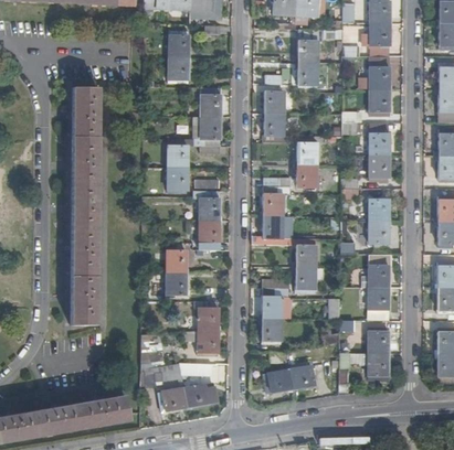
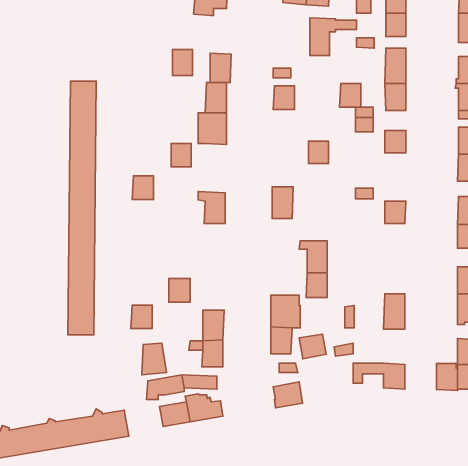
building: [169,30,189,57] -> [210,53,231,82]
building: [297,63,317,85] -> [340,84,361,107]
building: [264,114,291,142] -> none
building: [369,154,389,182] -> none
building: [296,164,316,188] -> none
building: [167,168,187,190] -> [132,176,153,199]
building: [262,216,289,245] -> none
building: [199,221,219,243] -> none
building: [369,221,388,247] -> none
building: [166,250,186,272] -> [131,305,152,329]
building: [369,254,391,287] -> none
building: [368,328,388,353] -> [436,364,457,391]
building: [288,366,314,389] -> [299,334,326,359]

